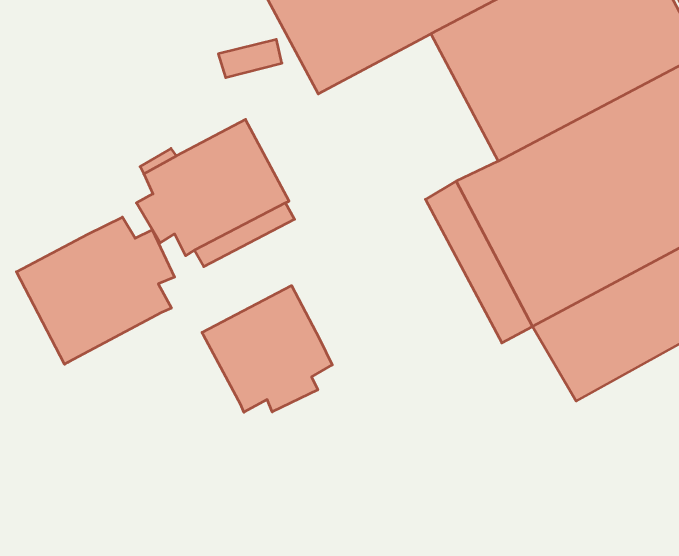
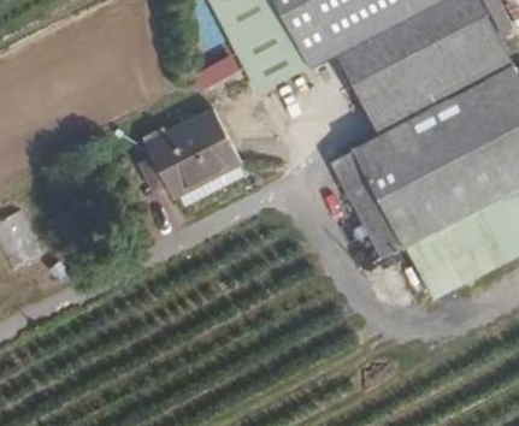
building: [16,217,175,364] -> none
building: [202,286,332,412] -> none

